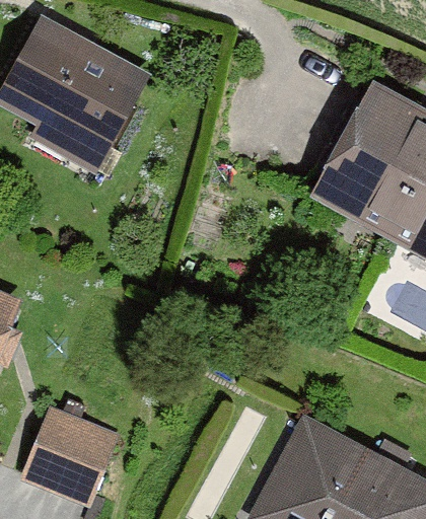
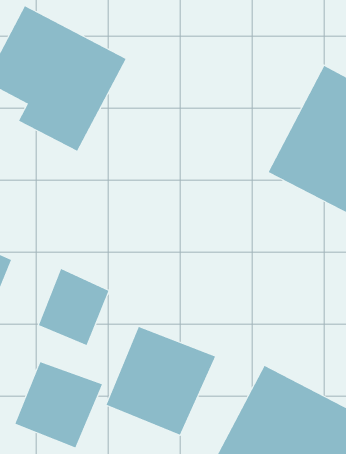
building: none -> [38,268,109,346]
building: none -> [106,326,216,435]

